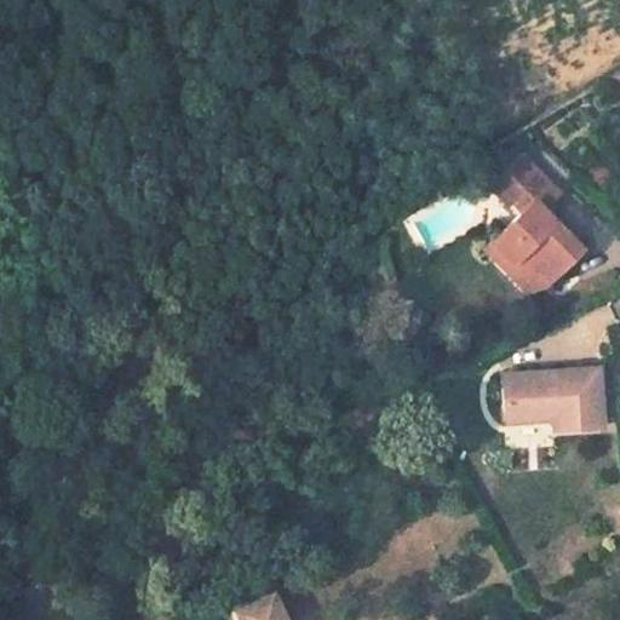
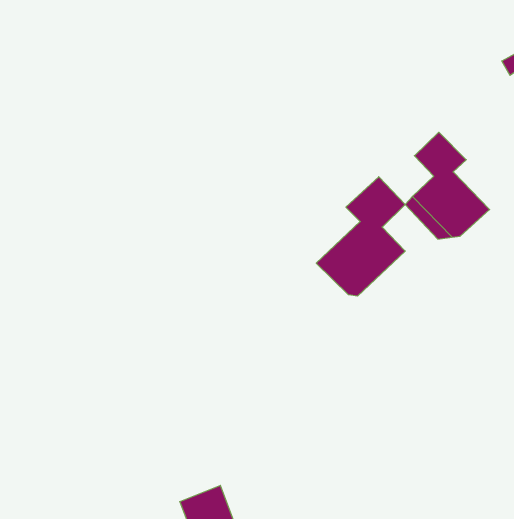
building: none -> [316,177,405,296]
building: [500,372,604,431] -> none

